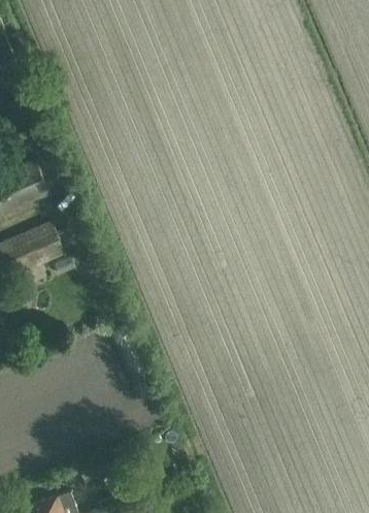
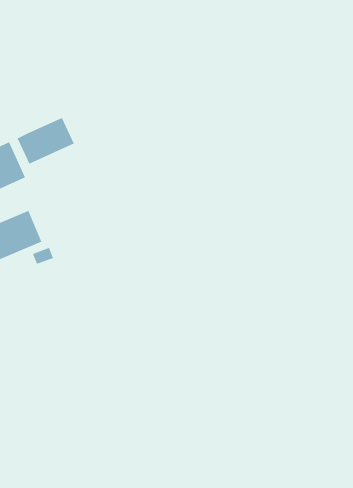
building: none -> [17,117,74,165]

